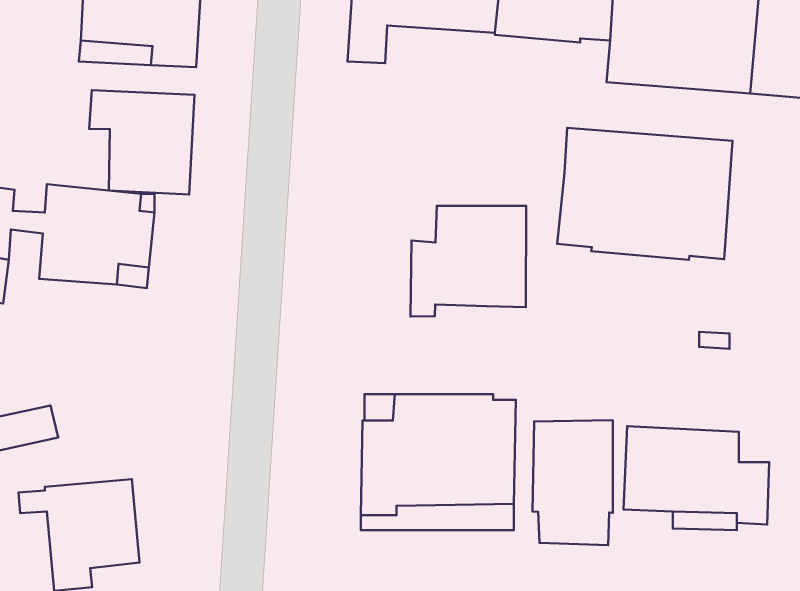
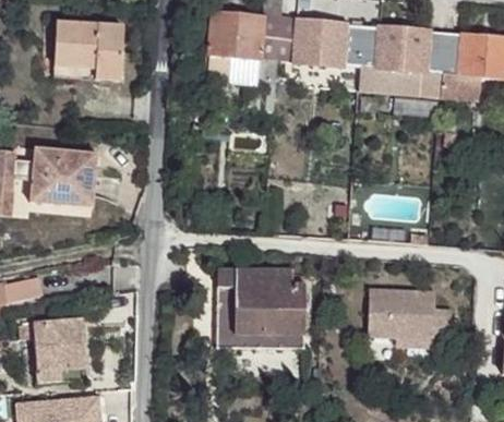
building: [89,90,195,195] -> none
building: [557,128,733,260] -> none
building: [410,206,526,317] -> none
building: [532,420,613,545] -> none

